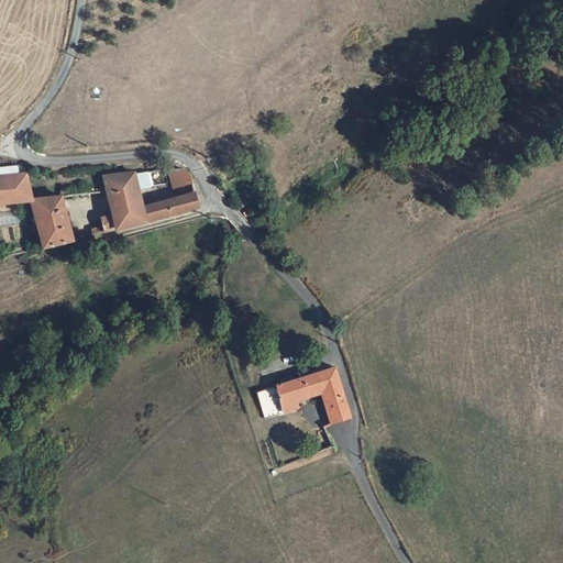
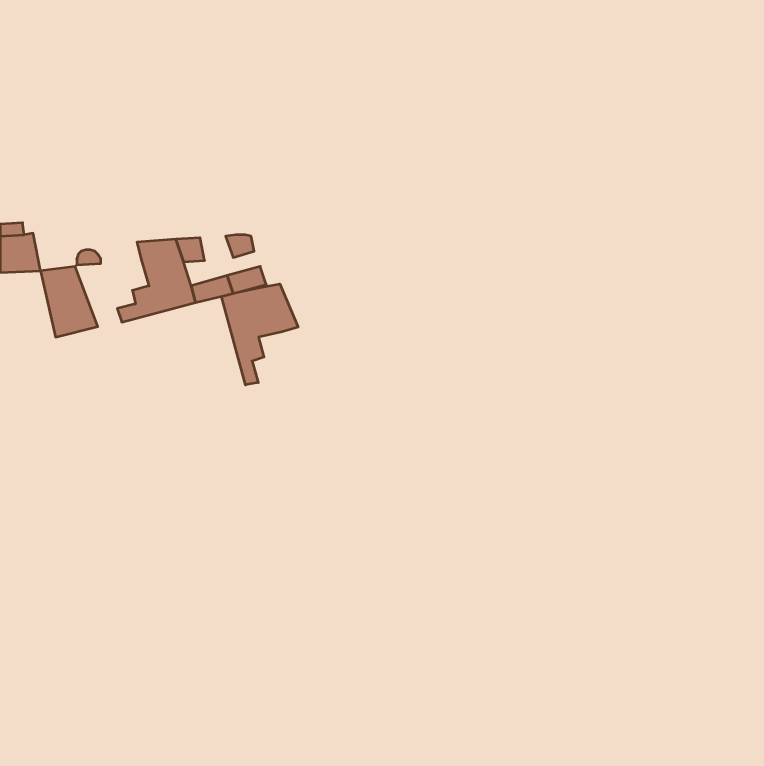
building: none -> [221,284,298,385]
building: [256,367,349,426] -> none

